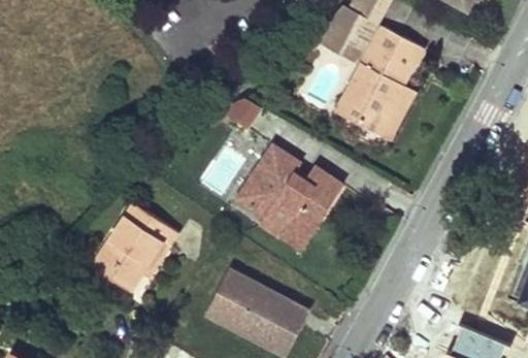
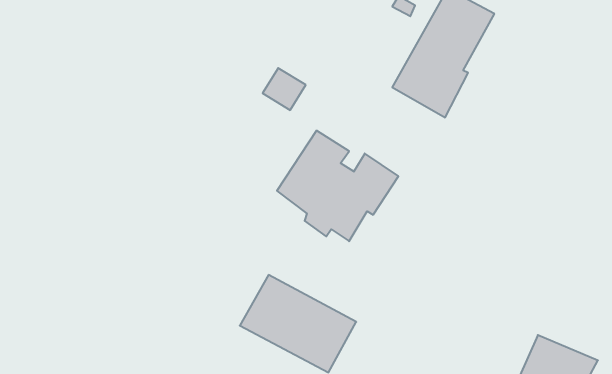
building: [92,204,176,293] -> none

